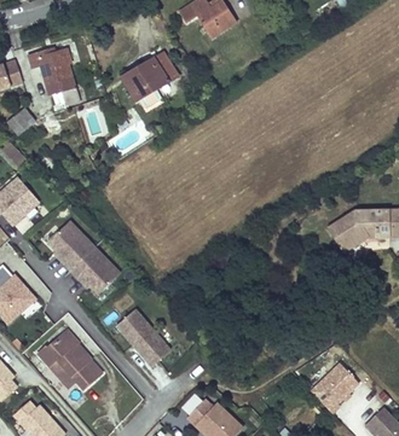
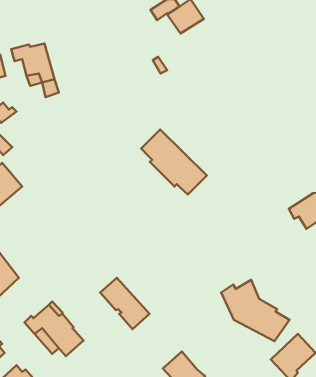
building: [125,53,177,100] -> none
building: [56,217,127,287] -> [141,130,207,194]
building: none -> [221,280,289,341]

